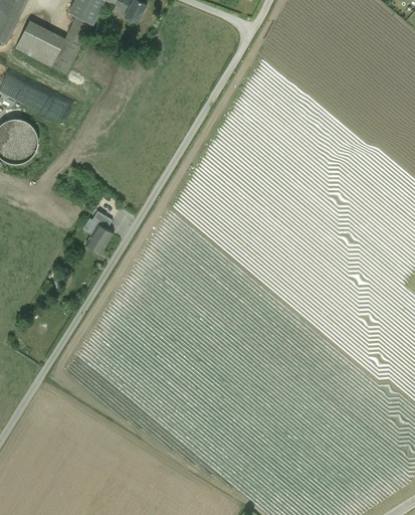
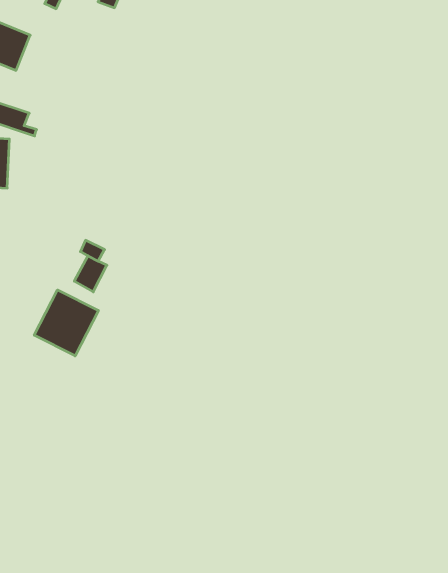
building: [50,15,90,72] -> none
building: none -> [34,290,98,356]

